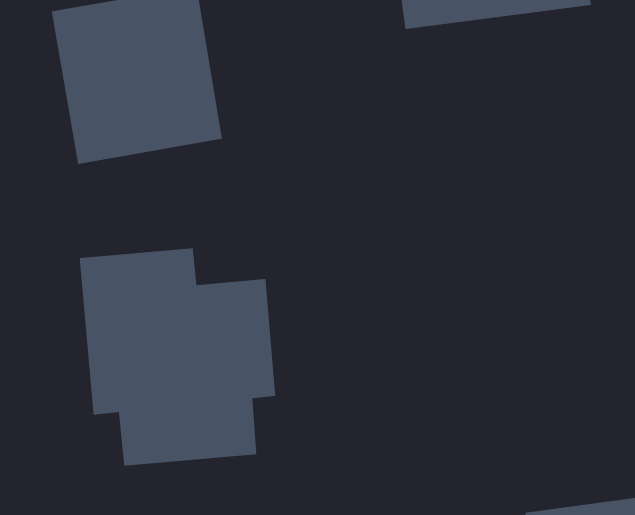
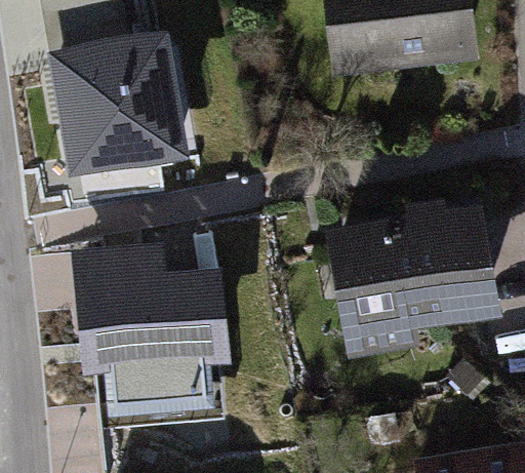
building: none -> [341,204,507,346]

